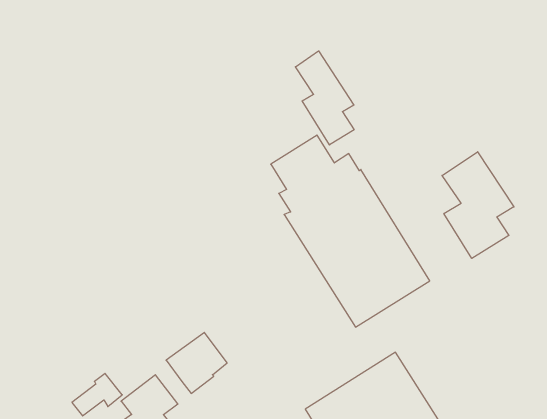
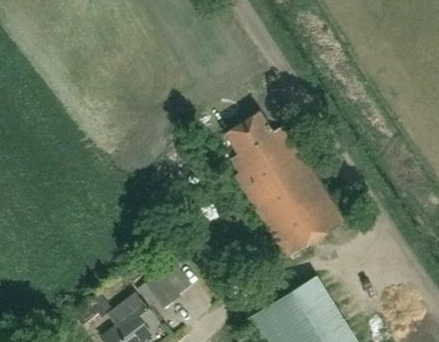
building: [295,51,354,145] -> none
building: [442,152,514,258] -> none

